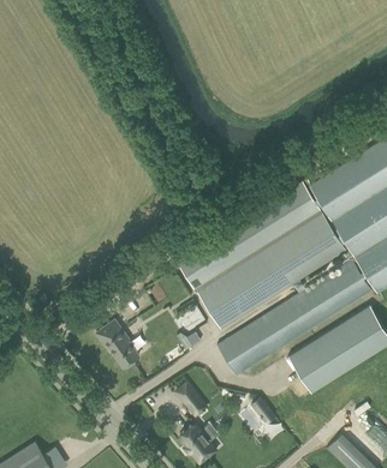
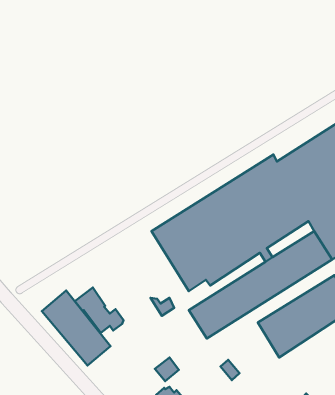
building: none -> [42,290,110,365]

